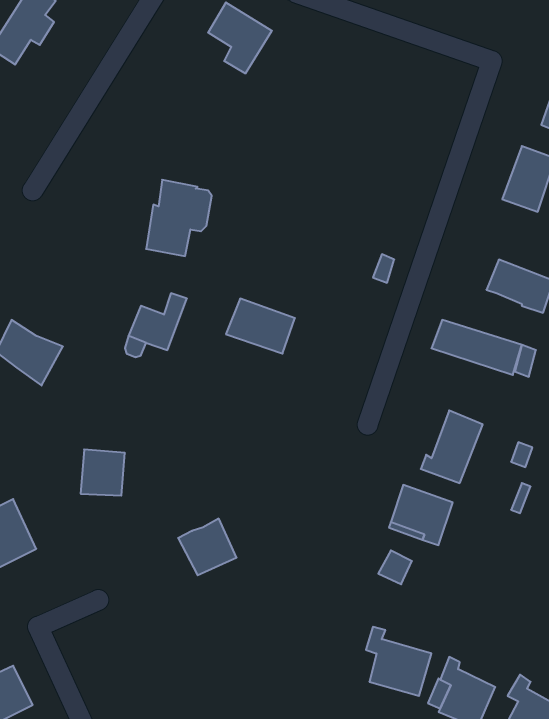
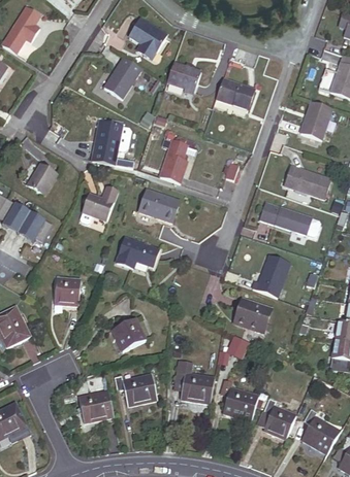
building: none -> [104,57,141,99]
building: none -> [167,62,201,91]
building: none -> [216,77,254,108]
building: none -> [160,135,188,182]
building: none -> [29,164,56,194]
building: none -> [117,238,159,267]
building: none -> [177,361,214,403]
building: none -> [115,374,157,405]
building: none -> [79,391,114,422]

